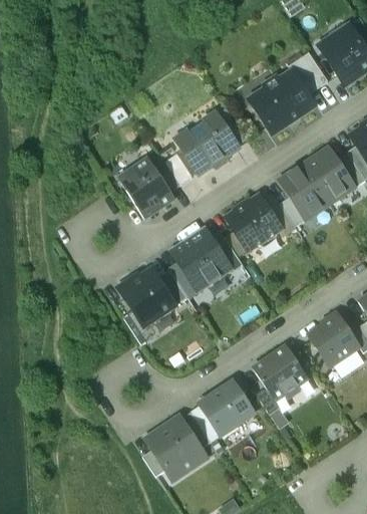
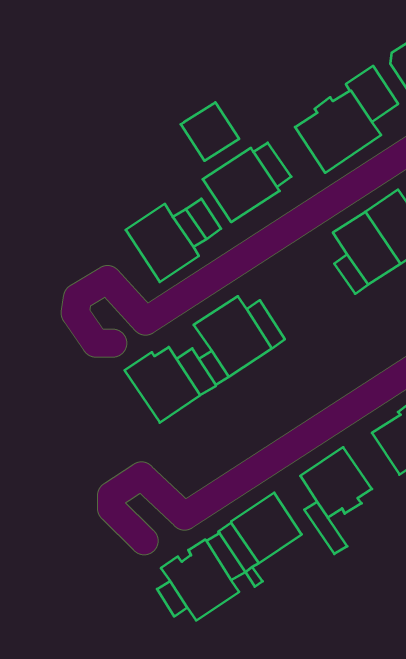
building: none -> [181,102,239,161]
building: [226,196,281,251] -> none

